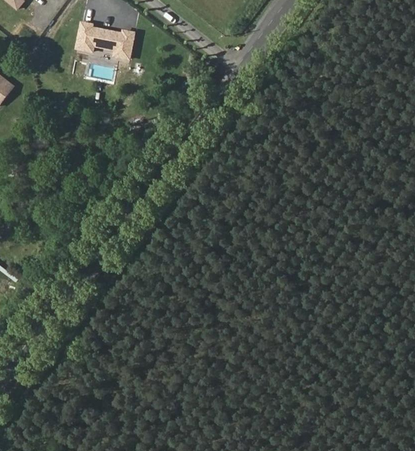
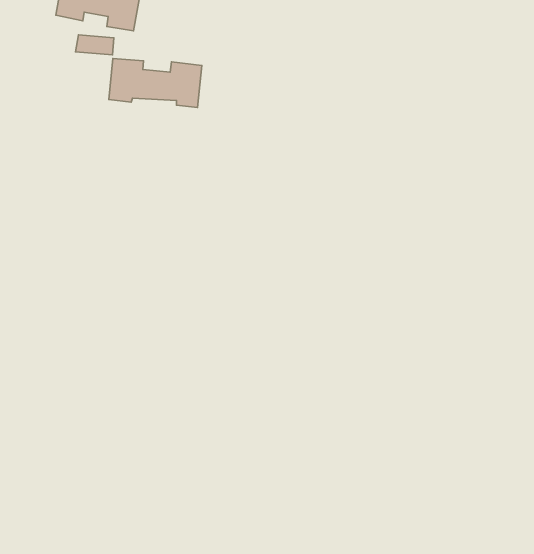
building: none -> [109,59,202,108]

